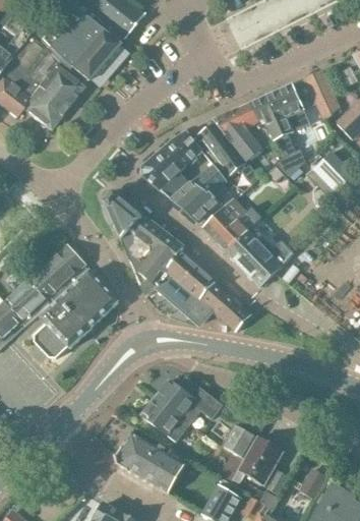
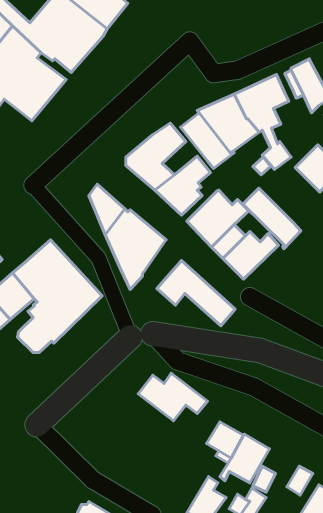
building: none -> [243,188,301,249]
building: [159,250,197,294] -> none
building: [140,398,189,443] -> none
building: [117,432,185,495] -> none

